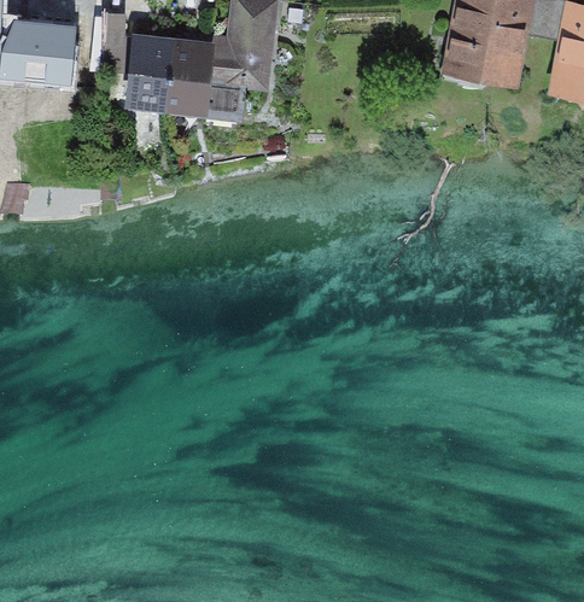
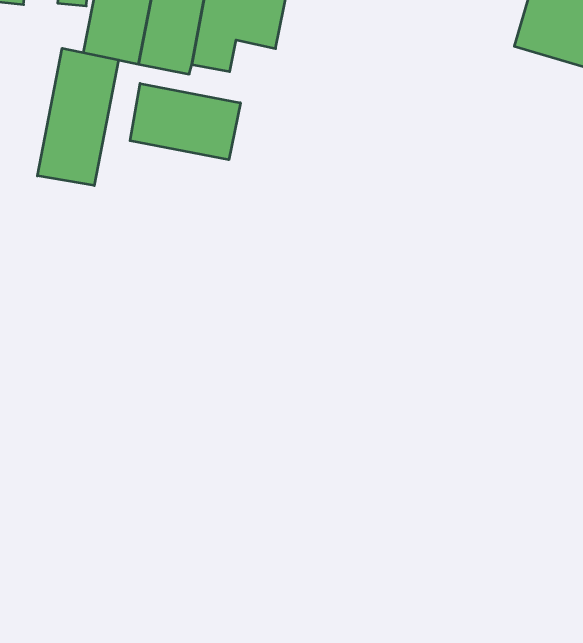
building: none -> [37,48,119,186]
building: none -> [130,83,240,160]

